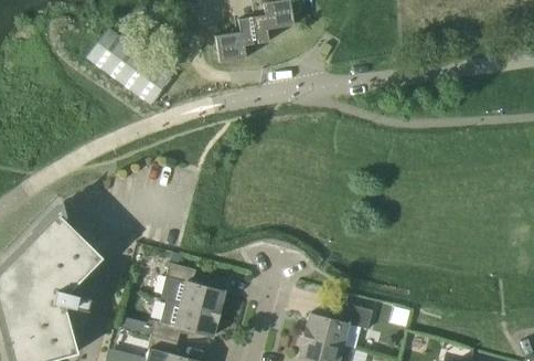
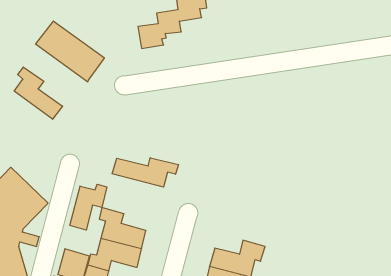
building: none -> [14,67,63,119]
building: none -> [112,158,178,187]
building: none -> [70,184,107,230]

